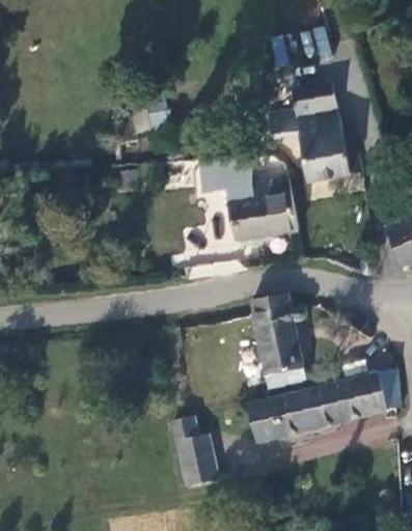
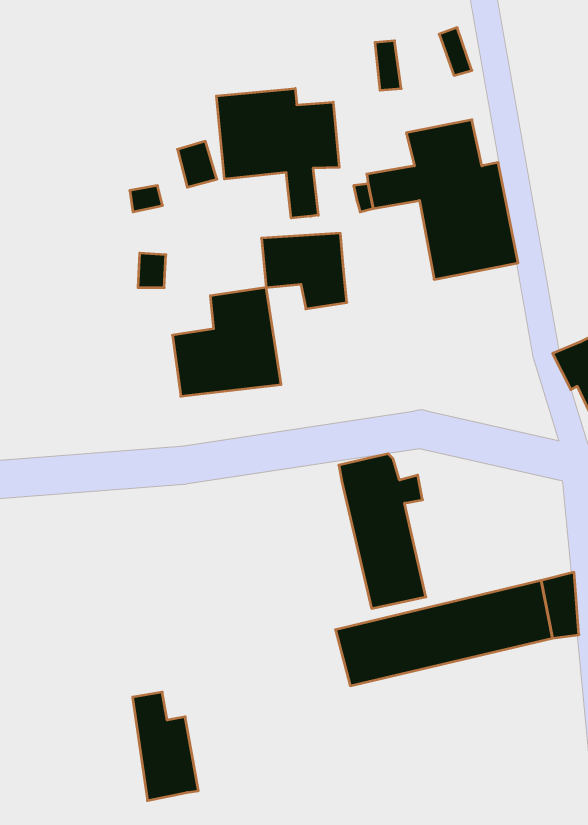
building: none -> [216,88,339,218]
building: [228,172,297,241] -> [172,288,281,396]
building: [172,417,214,485] -> [133,692,198,801]

